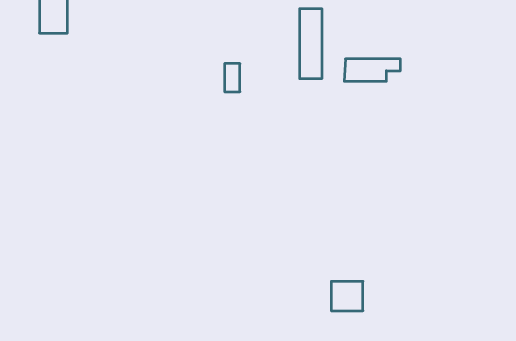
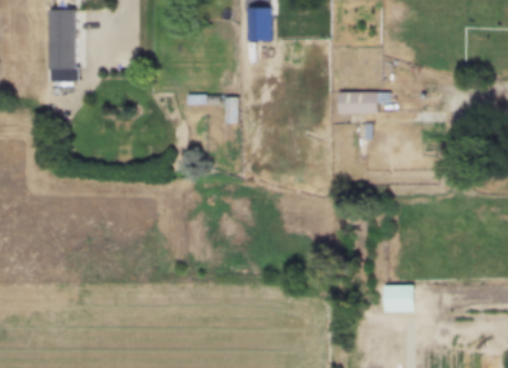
building: [300,9,322,79] -> none
building: [331,281,363,311] -> [384,285,414,312]

